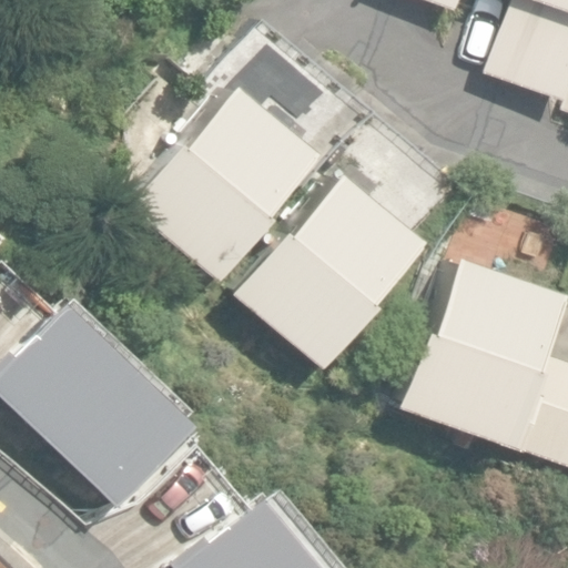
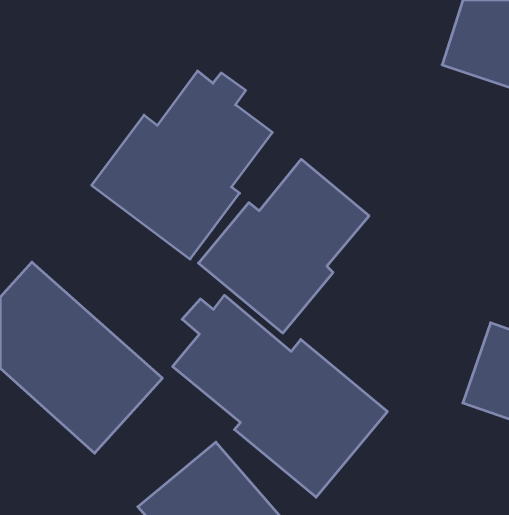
building: [399,261,556,446] -> none
building: none -> [173,295,387,497]

